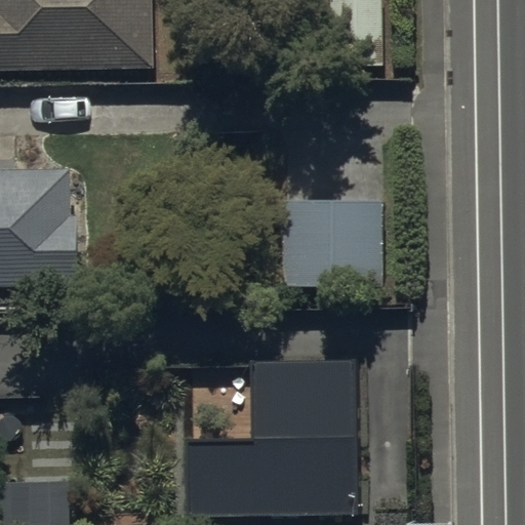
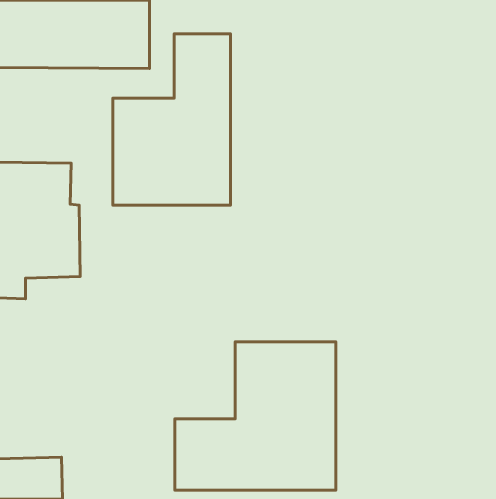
building: none -> [113,34,231,205]
building: [282,201,382,286] -> none

